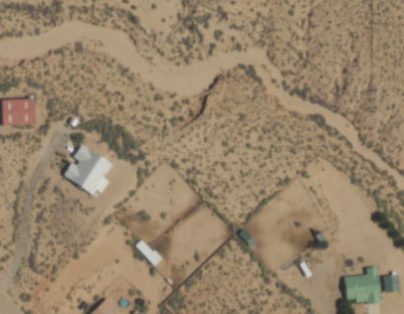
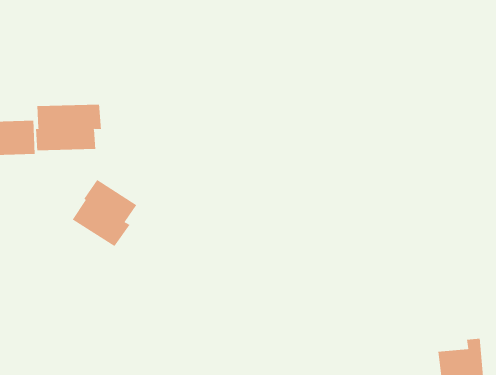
building: none -> [36,104,102,151]

